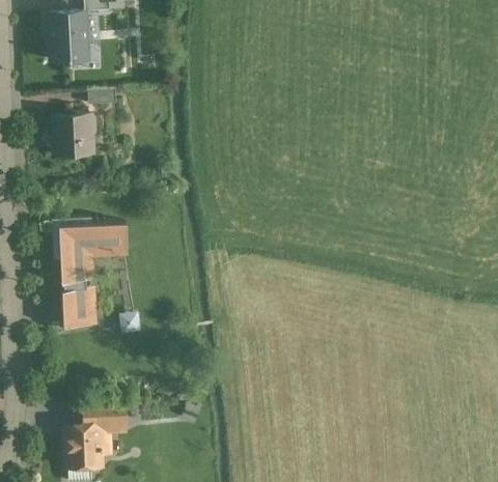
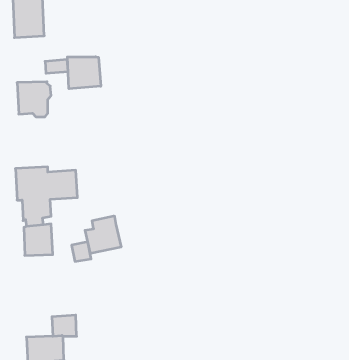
building: none -> [67,57,101,89]
building: none -> [85,216,121,253]

